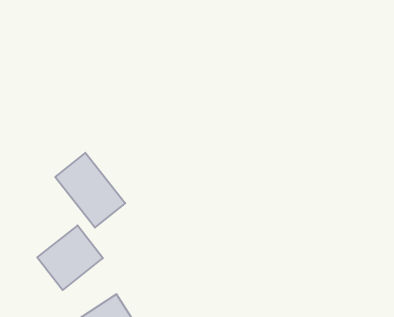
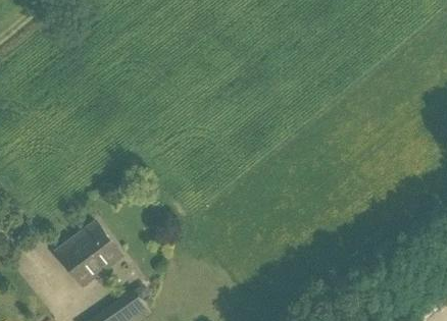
building: [55,153,125,228] -> none

